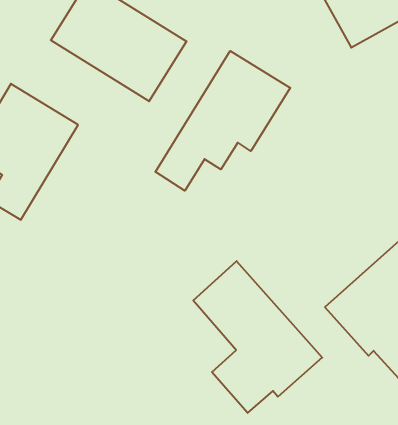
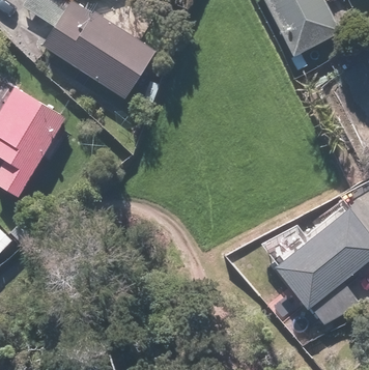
building: [155,51,290,191] -> none
building: [193,261,322,413] -> none

